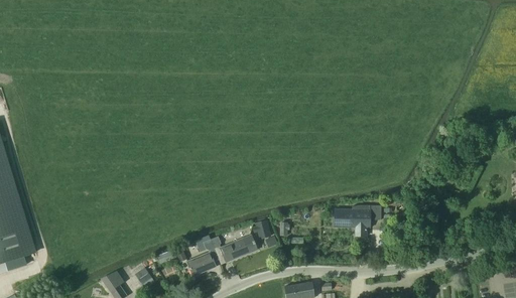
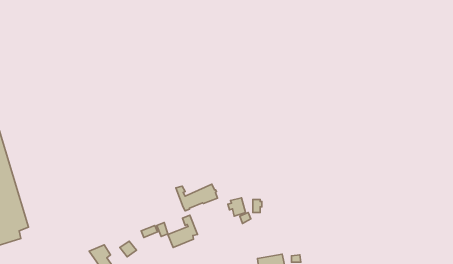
building: [335,204,381,236] -> none
building: [211,235,256,264] -> [176,184,217,211]

